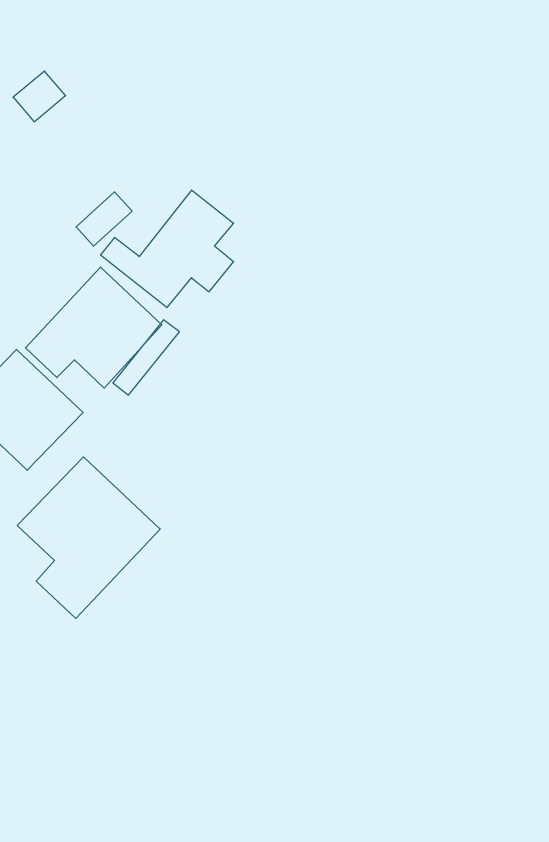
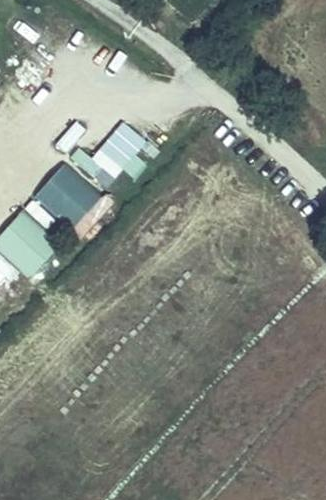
building: [17,457,160,618] -> none

